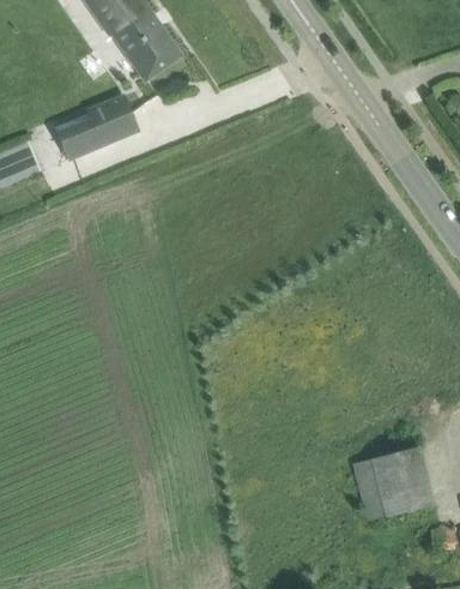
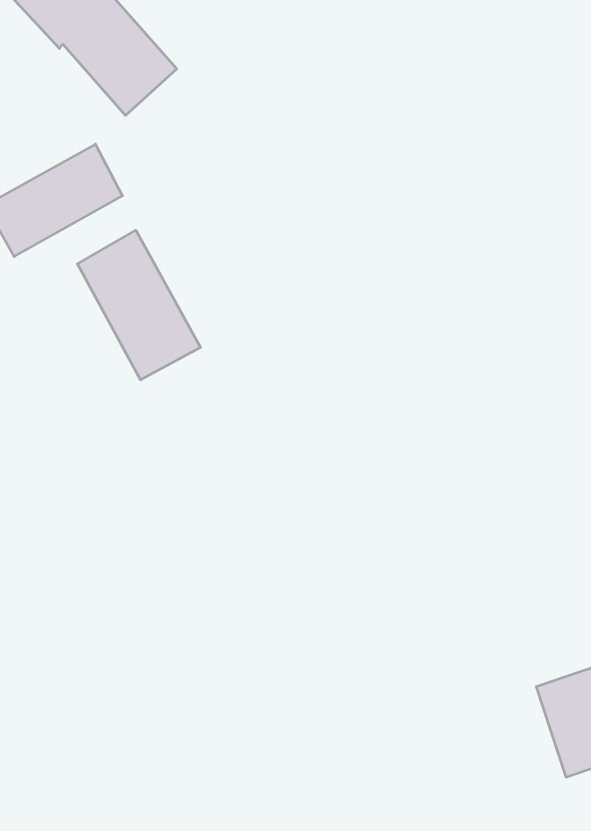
building: none -> [77,230,201,380]

